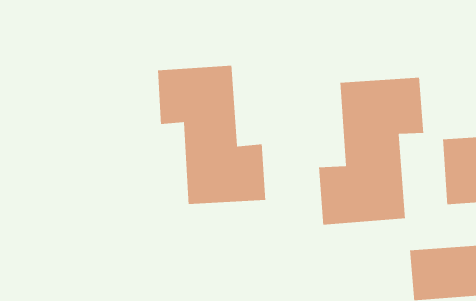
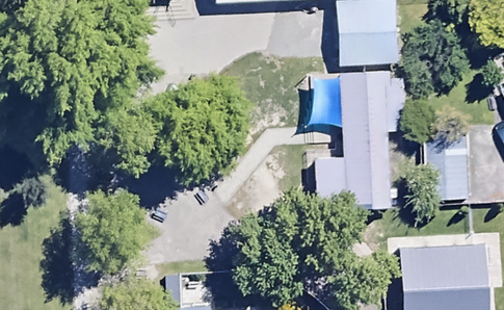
building: none -> [330,16,396,83]
building: [157,65,266,205] -> none

